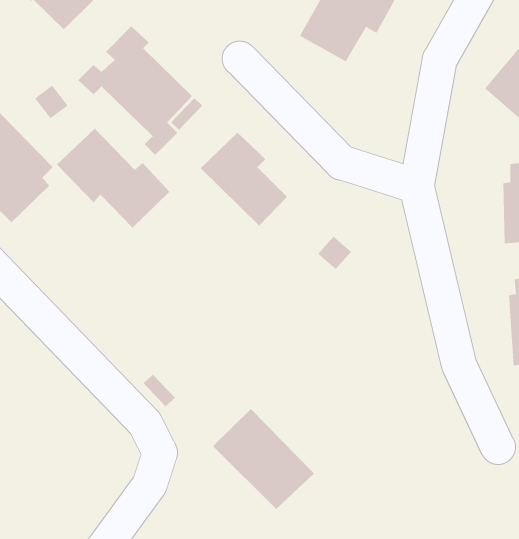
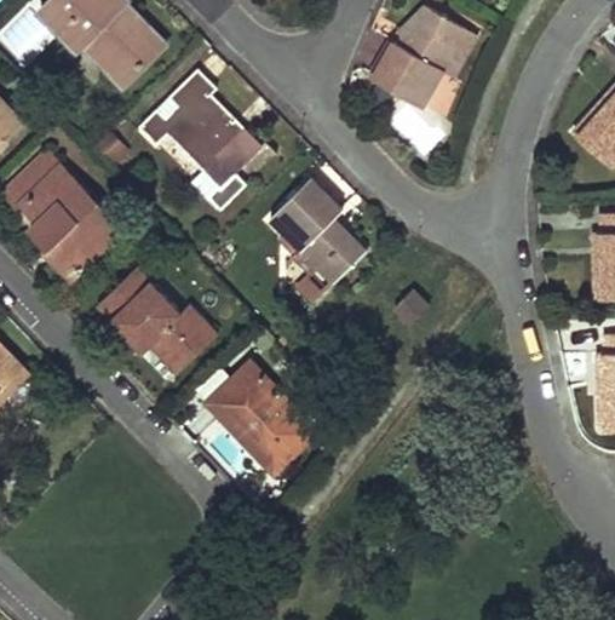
building: [56,128,170,229] -> [97,265,218,372]
building: [212,408,315,510] -> [208,360,317,467]

